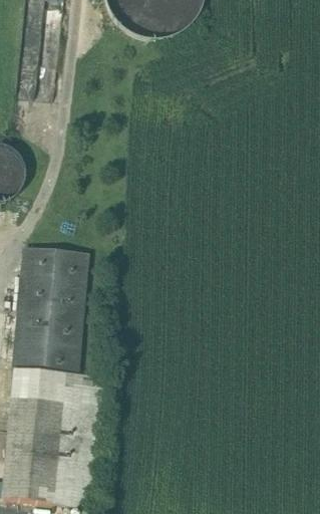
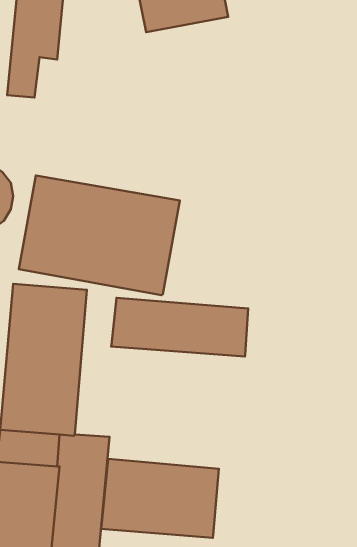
building: none -> [19,176,180,295]
building: none -> [111,298,248,357]
building: none -> [101,459,219,538]

